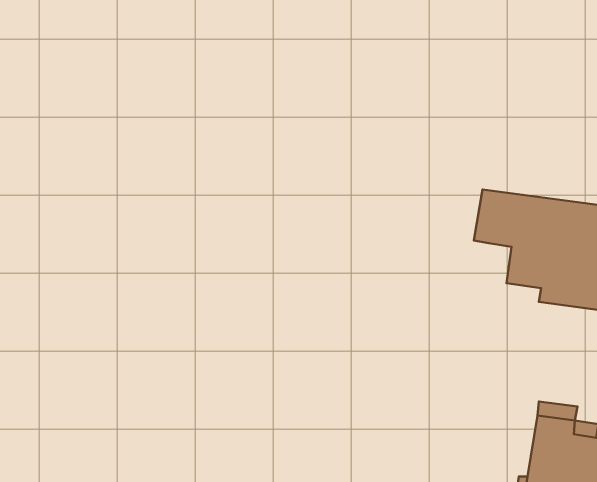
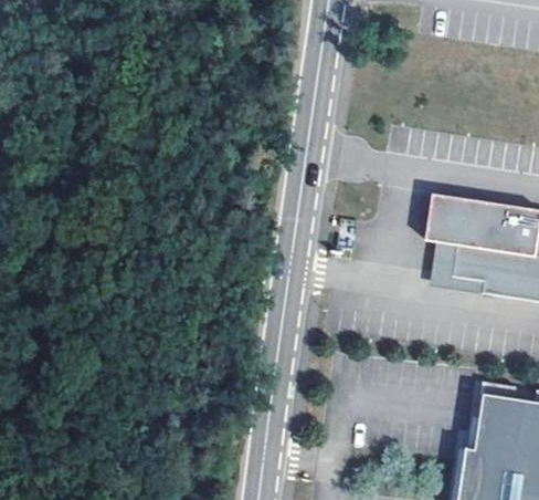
building: none -> [433,242,485,294]

